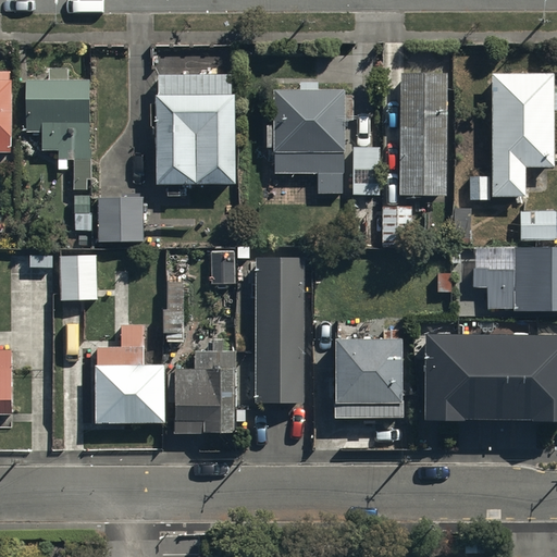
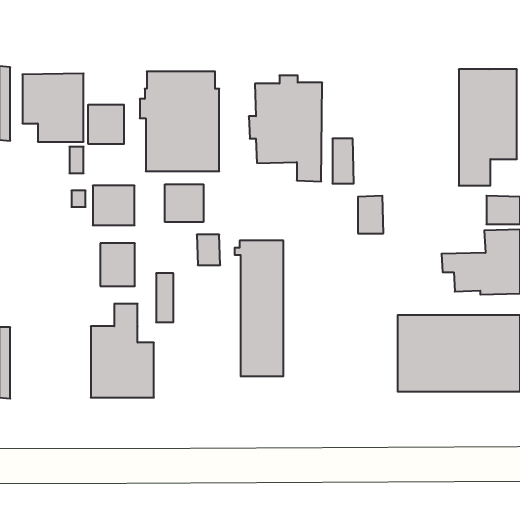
building: [405,75,445,196] -> none
building: none -> [88,105,124,144]
building: none -> [165,184,203,222]
building: [59,255,96,300] -> [100,243,135,286]
building: [335,337,404,419] -> none
building: [176,352,236,434] -> none

